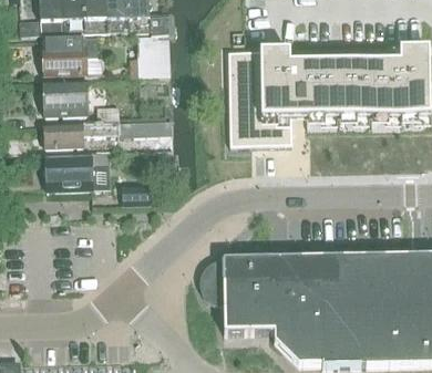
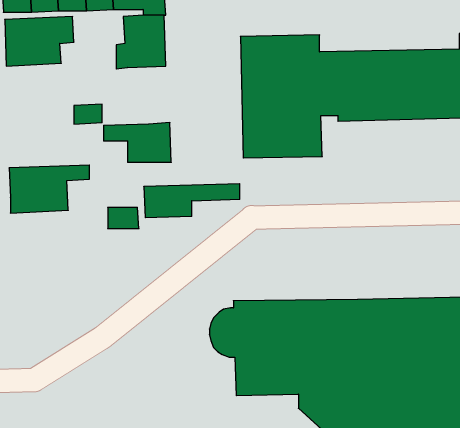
building: [44,76,89,114] -> none
building: [45,120,121,146] -> [144,184,240,218]

